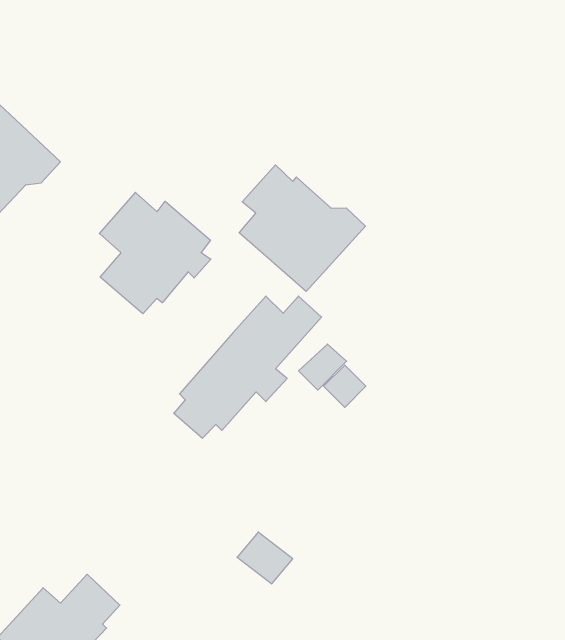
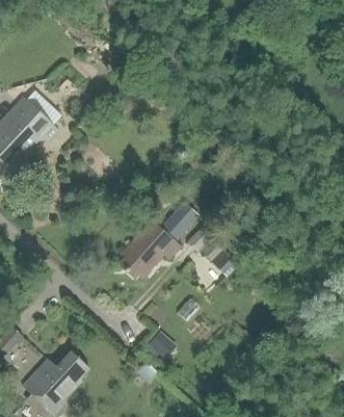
building: [239,165,365,291] -> none
building: [99,192,211,314] -> none

